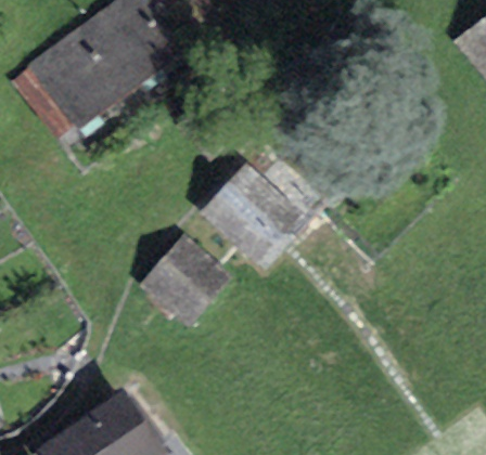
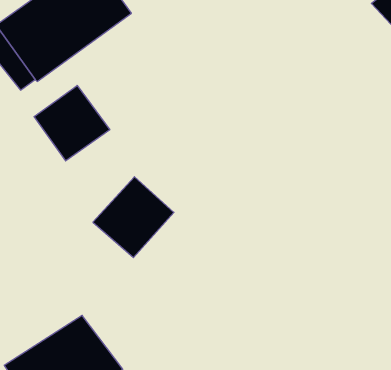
building: none -> [34,85,110,161]
building: [202,164,302,261] -> none

